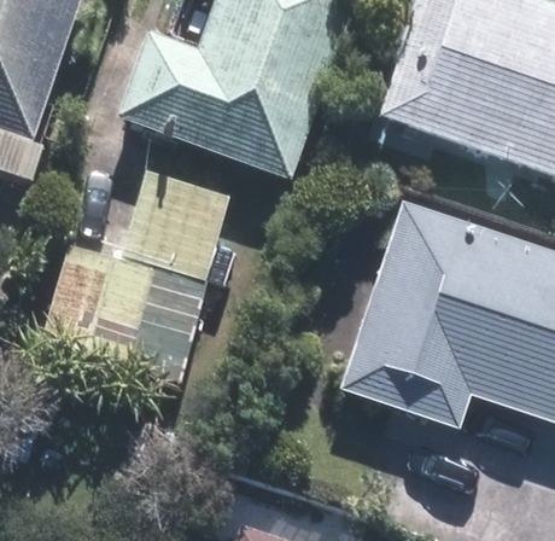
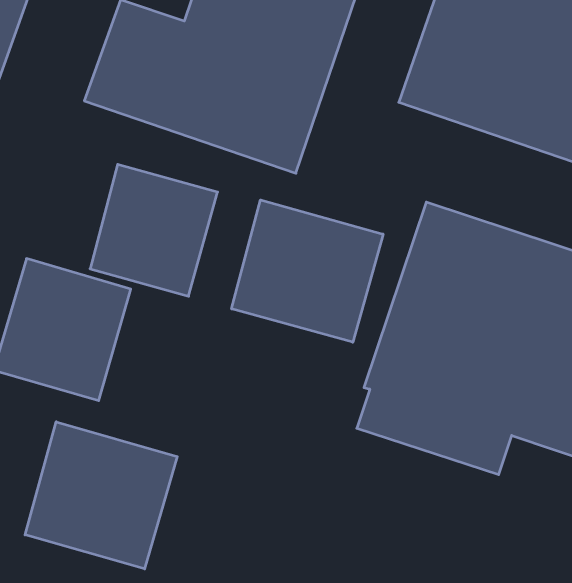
building: none -> [232,200,383,342]
building: none -> [25,422,177,569]

